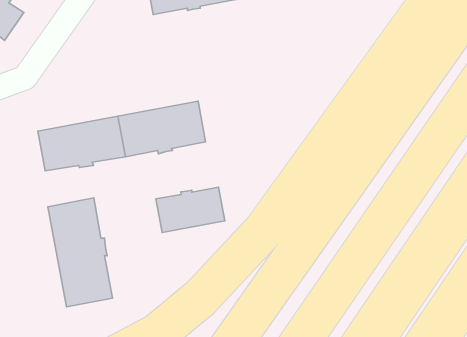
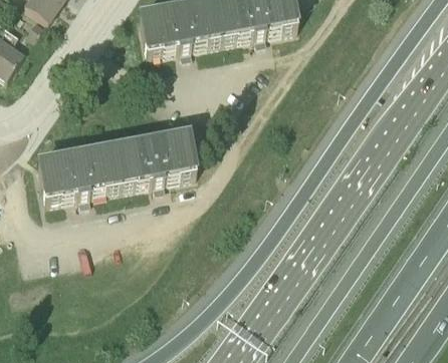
building: [156,187,225,233] -> none
building: [48,198,112,307] -> none

